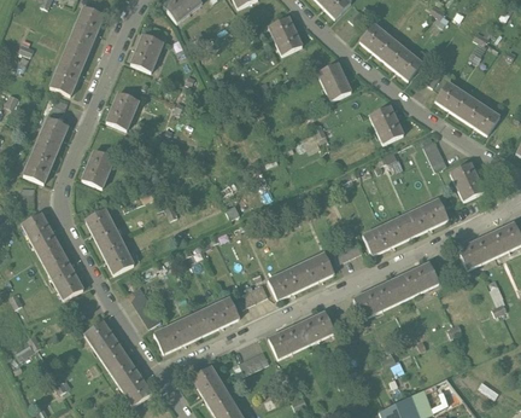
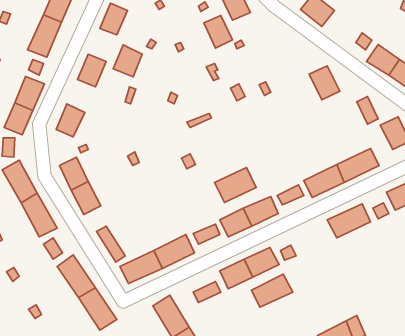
building: [384,41,422,79] -> none
building: [318,62,351,99] -> [204,15,233,48]
building: none -> [113,45,142,77]
building: none -> [215,168,256,203]
building: [353,279,400,317] -> [251,274,293,307]

